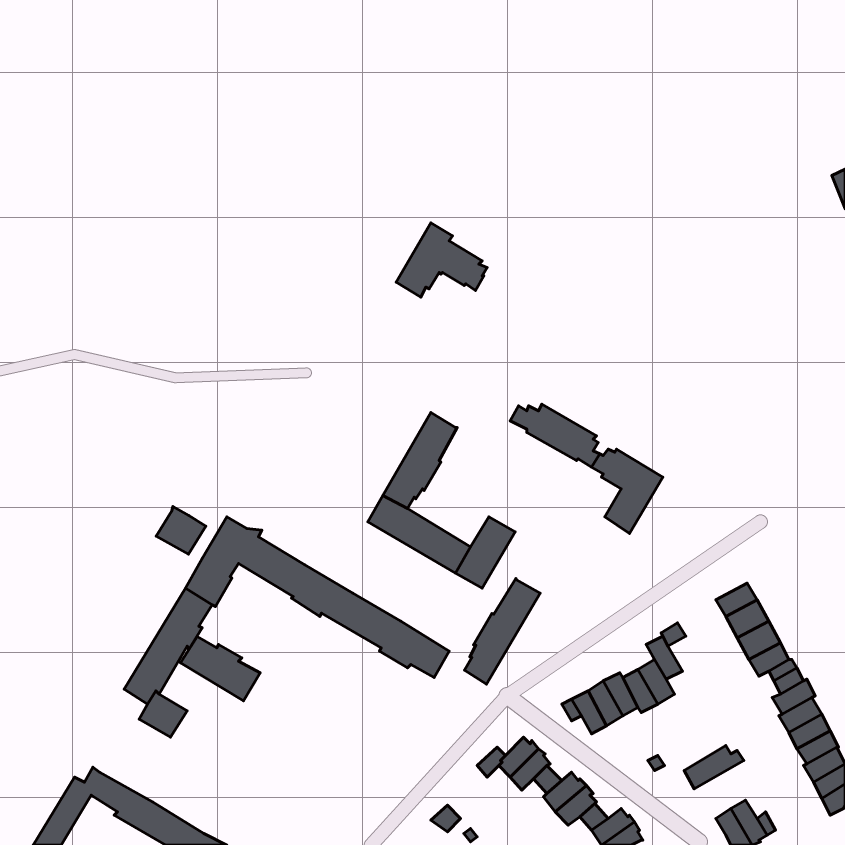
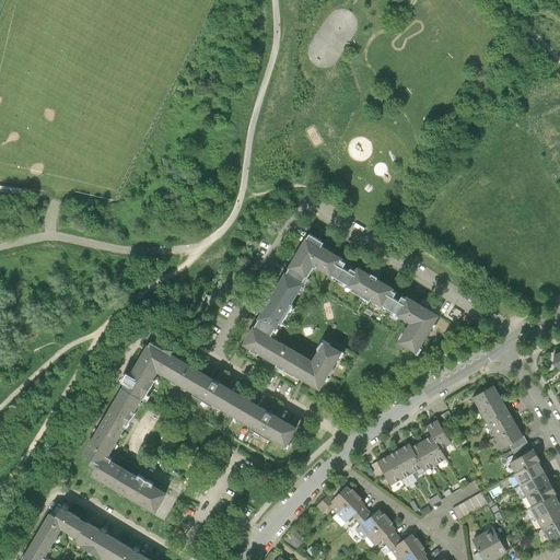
building: [396,223,487,297] -> [284,233,345,282]
building: [156,507,206,554] -> none
building: [464,579,540,684] -> none
building: [181,636,260,701] -> [113,469,165,512]

